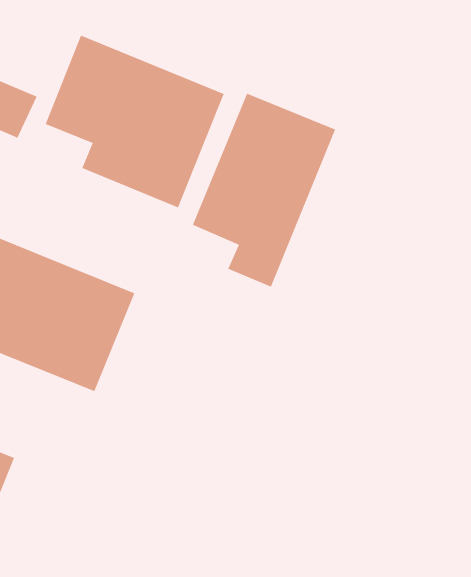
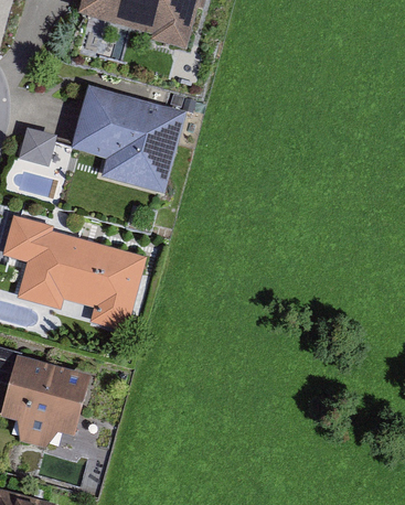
building: [192,93,336,288] -> none

